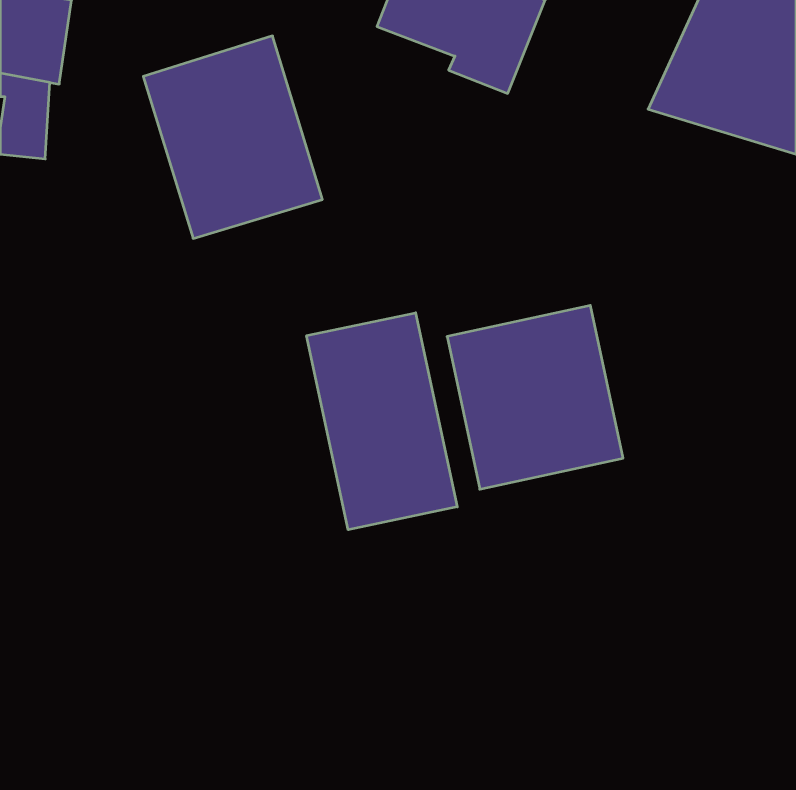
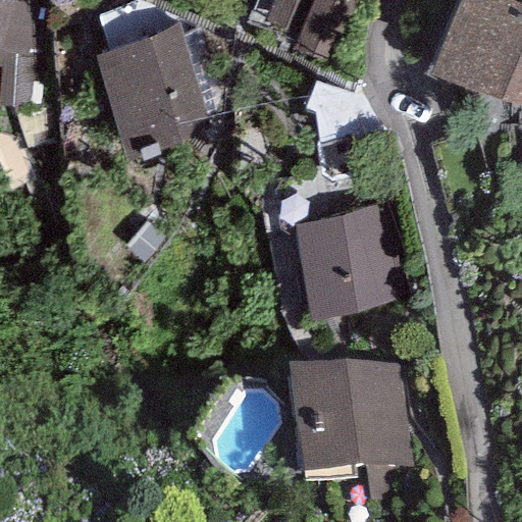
building: [307,313,457,530] -> none
building: none -> [288,359,413,495]

